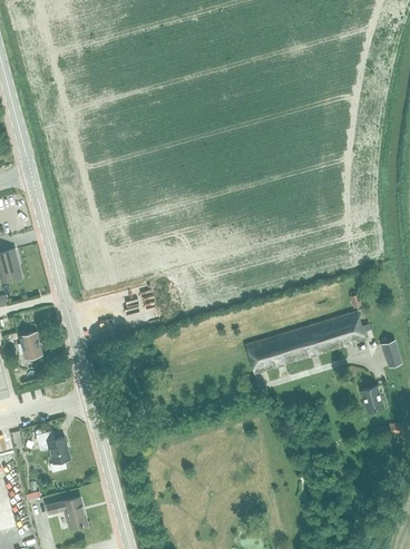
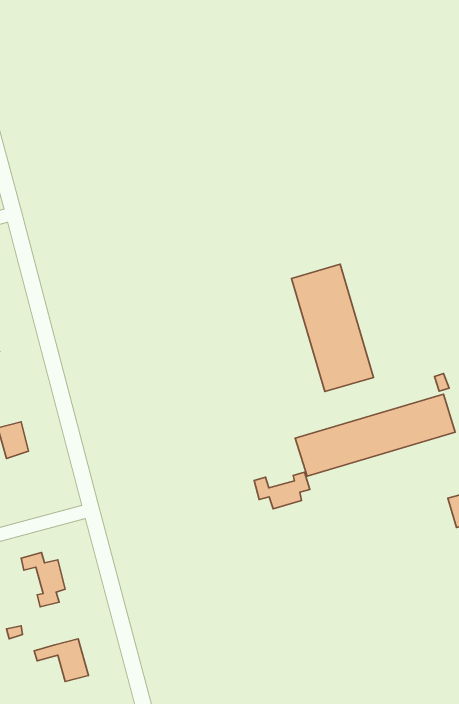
building: none -> [291,264,374,392]
building: none -> [254,472,310,509]

